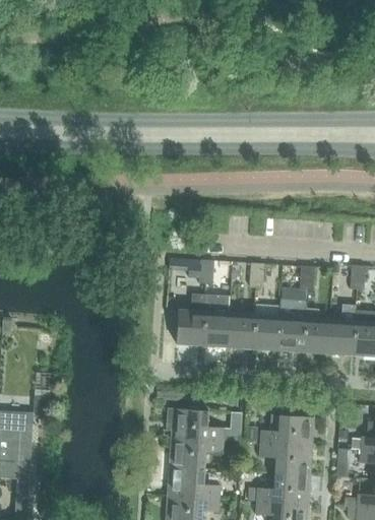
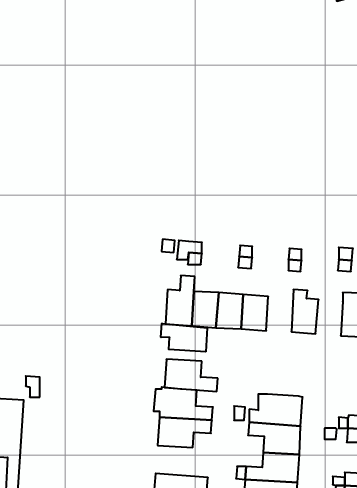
building: [277,301,305,351] -> none
building: [327,305,356,355] -> none
building: none -> [161,323,207,352]
building: [166,466,220,499] -> [164,359,218,391]

